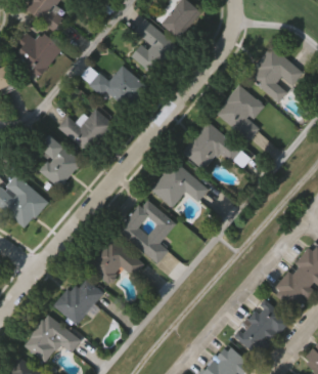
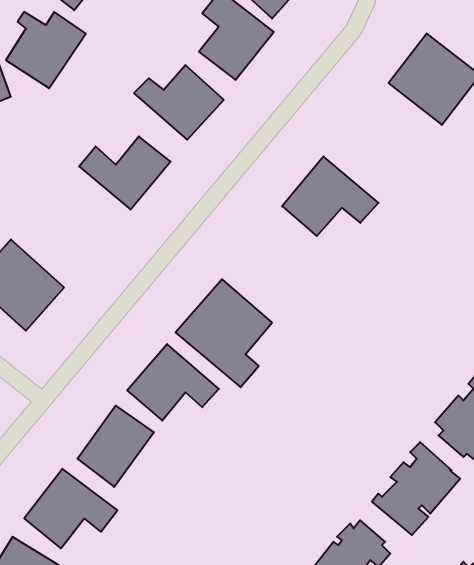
building: [216,84,265,140] -> none
building: [39,134,82,188] -> none
building: [151,161,210,206] -> none

